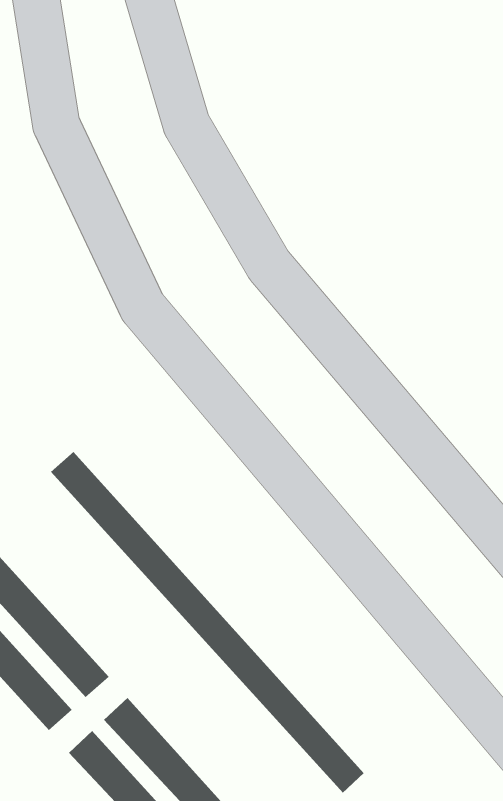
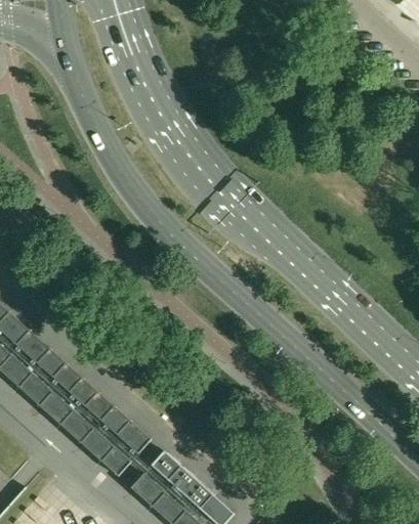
building: [50,451,365,794] -> none

